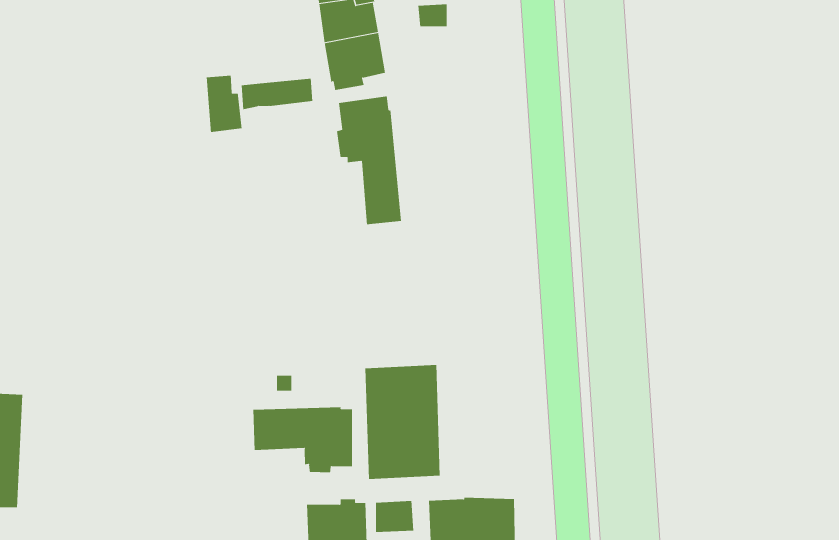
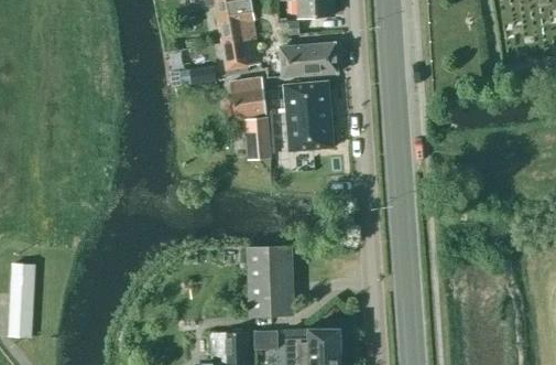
building: none -> [279,42,337,77]
building: [206,75,242,133] -> none
building: none -> [283,80,334,151]
building: [253,406,352,473] -> none

